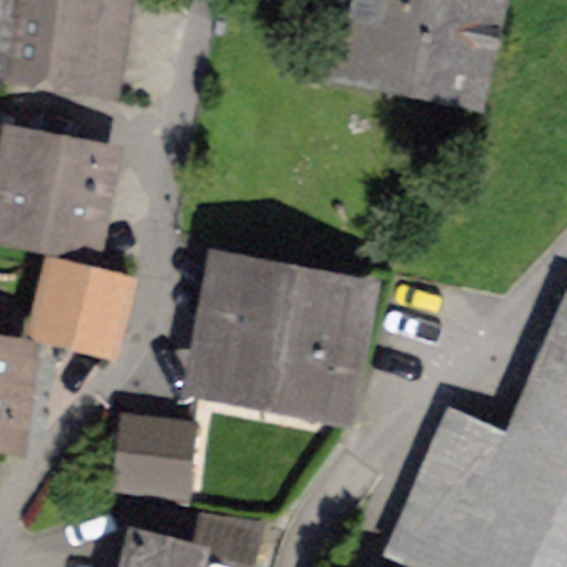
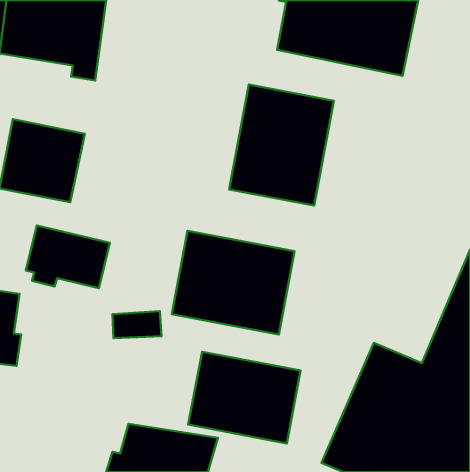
building: none -> [229,85,334,206]
building: [114,417,192,495] -> none
building: none -> [188,352,301,443]

